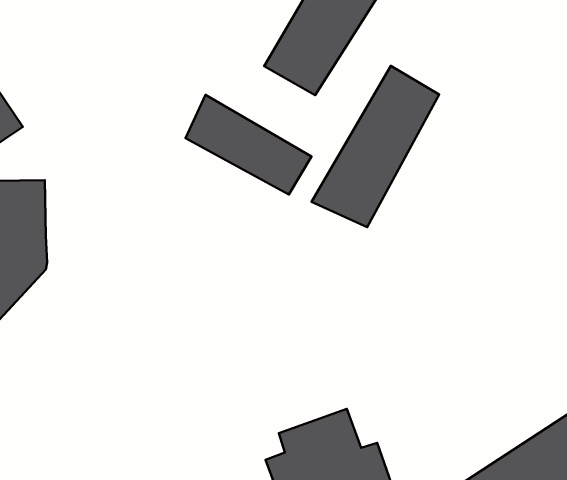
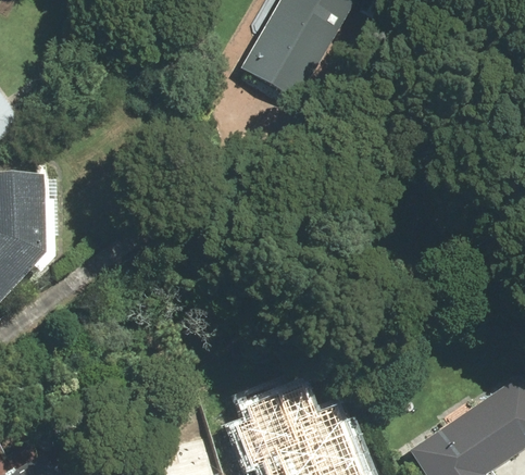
building: [311,66,439,227] -> none
building: [185,95,311,194] -> none

